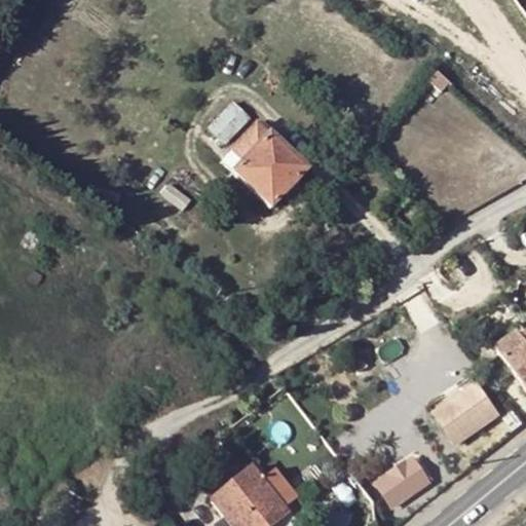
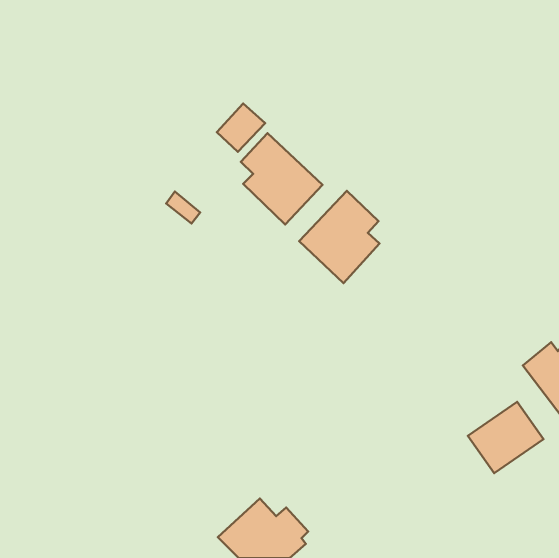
building: none -> [299,191,380,283]
building: [381,449,441,504] -> none

